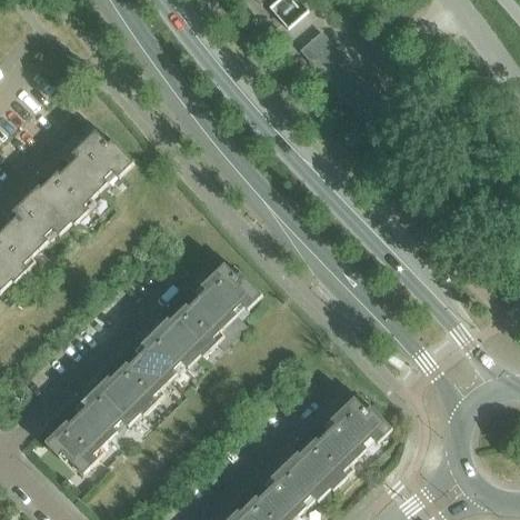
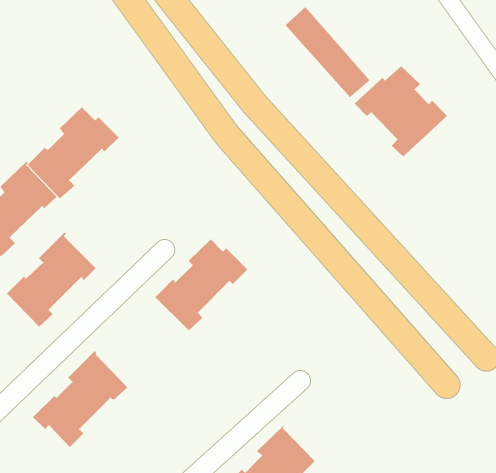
building: none -> [354,65,448,157]
building: [107,318,198,414] -> [6,232,97,328]
building: [296,397,389,491] -> none

